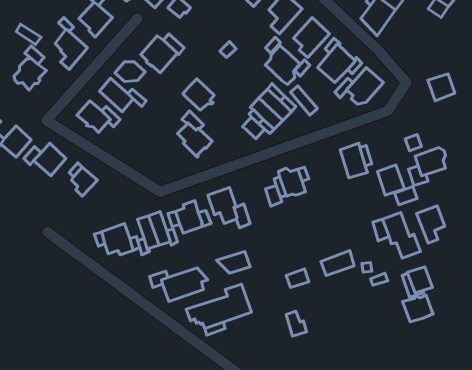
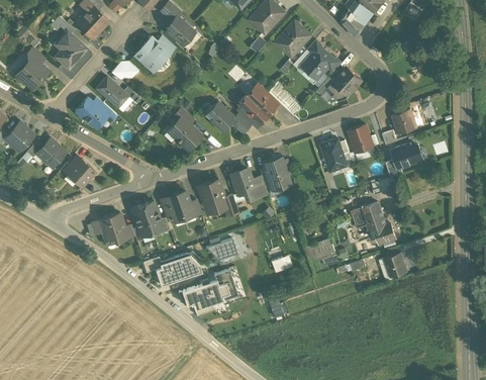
building: none -> [167,15,195,45]
building: [265,46,300,84] -> none
building: [428,74,455,101] -> [391,109,416,134]
building: [183,79,214,110] -> [205,102,234,131]
building: [378,165,405,195] -> [349,124,374,153]
building: none -> [230,169,257,199]
building: [416,206,445,243] -> none
building: [403,295,433,322] -> none

